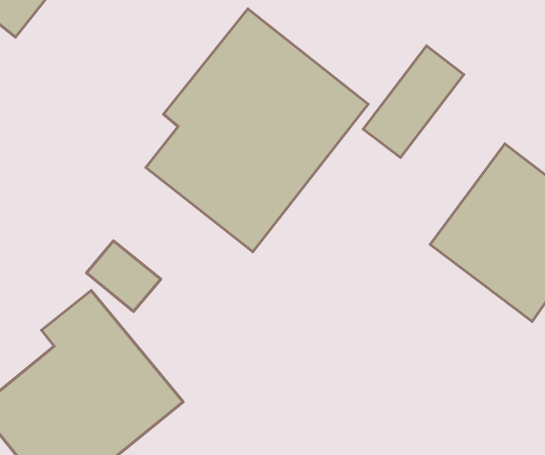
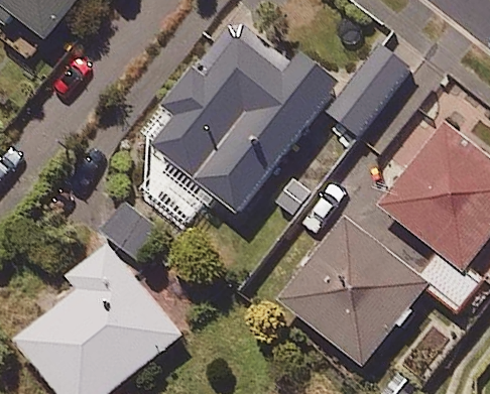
building: none -> [277,218,425,366]

